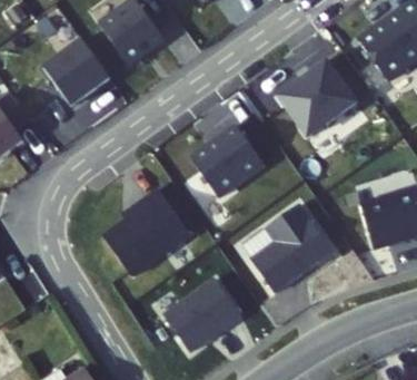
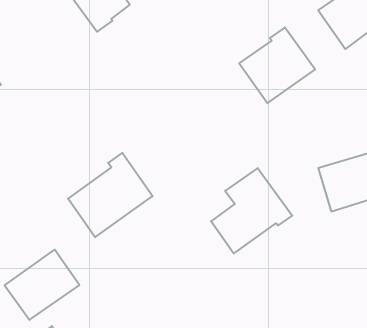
building: [42,39,110,106] -> none
building: [185,124,259,197] -> none
building: [159,277,236,350] -> [5,250,79,320]

